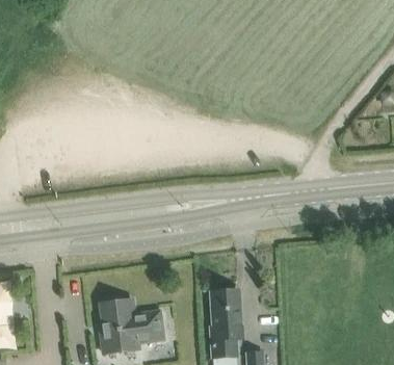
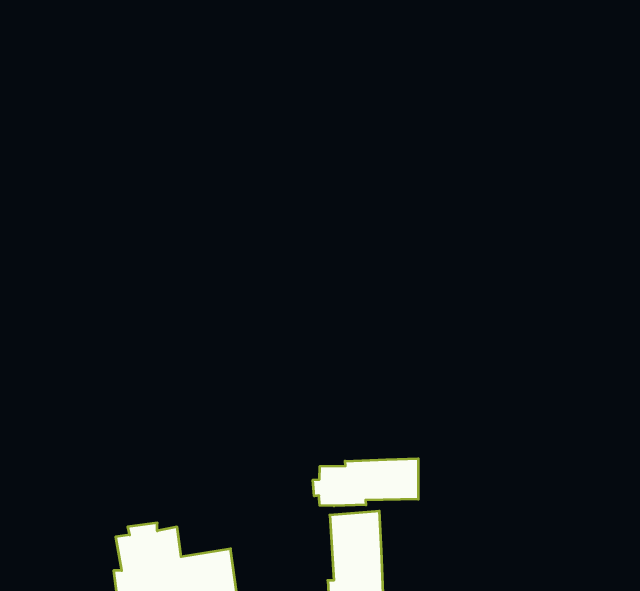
building: none -> [313,459,418,506]

